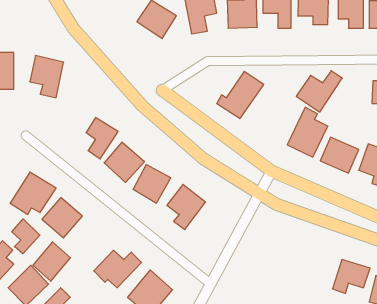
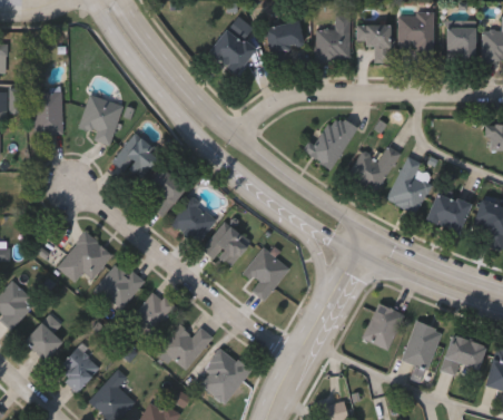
building: [296,71,342,112] -> [347,145,402,194]
building: none -> [115,134,160,179]
building: [12,219,40,254] -> none
building: none -> [361,303,404,351]
building: [33,242,71,281] -> [131,289,176,335]
building: none -> [401,321,442,370]

